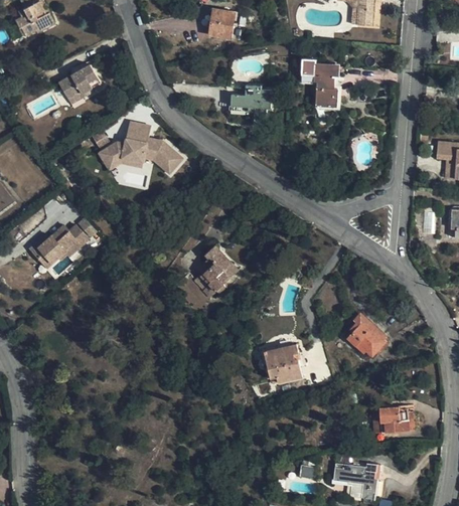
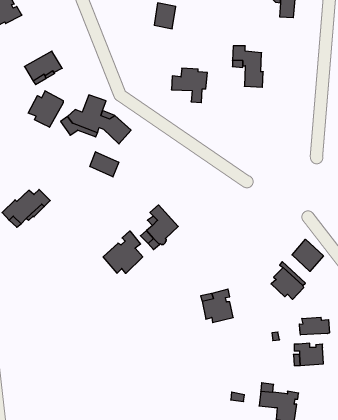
building: none -> [28,91,63,127]
building: none -> [90,152,119,177]
building: none -> [103,231,143,273]
building: none -> [292,239,323,271]
building: none -> [299,317,329,335]

